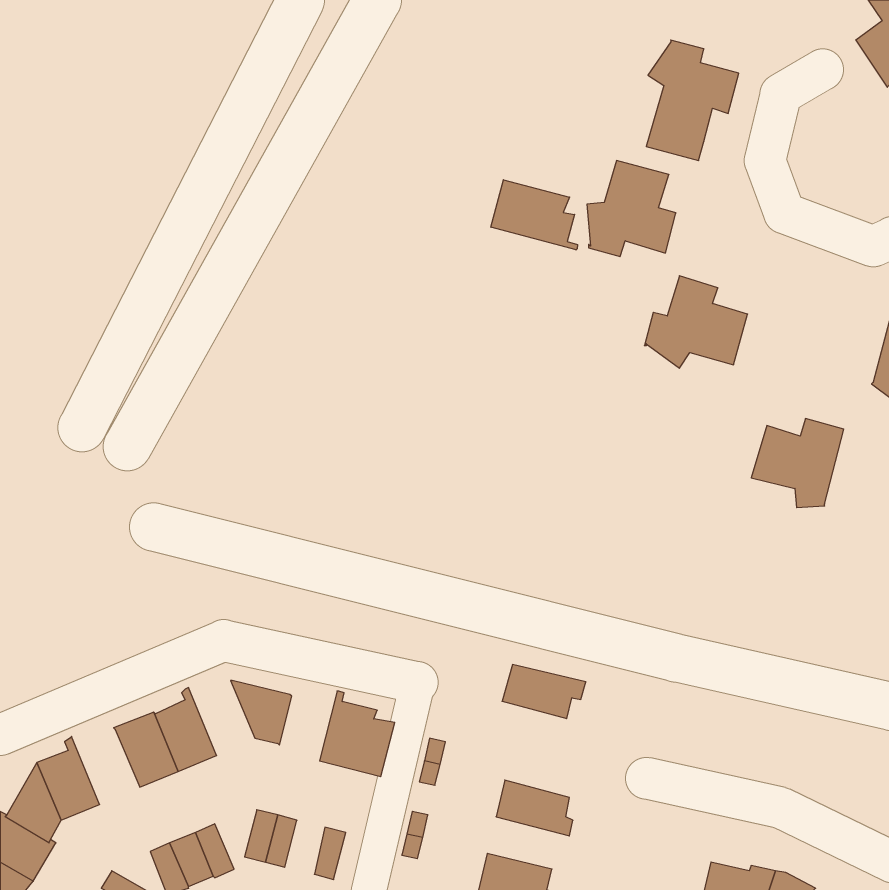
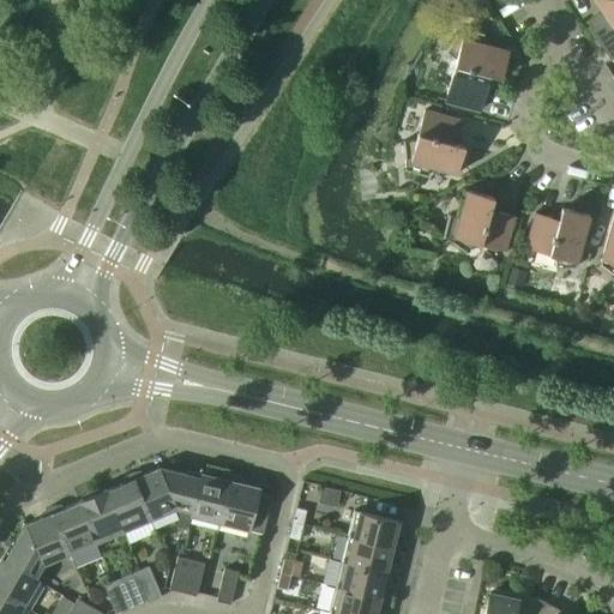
building: [491,180,578,250] -> none
building: [751,419,844,508] -> [526,209,590,270]
building: [502,665,586,719] -> [349,512,407,549]
building: none -> [132,469,177,520]
building: none -> [192,475,234,524]
building: none -> [52,502,98,554]
building: none -> [337,562,393,598]

